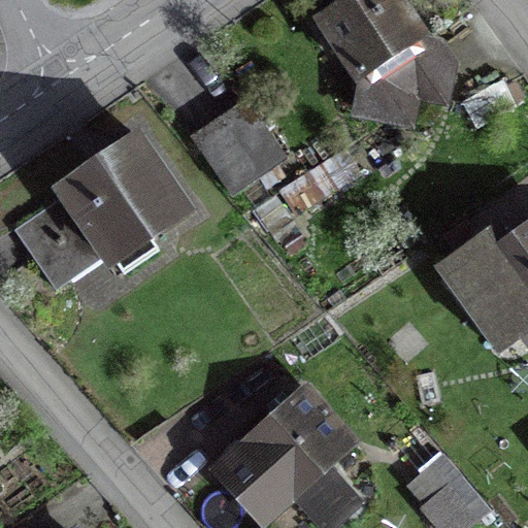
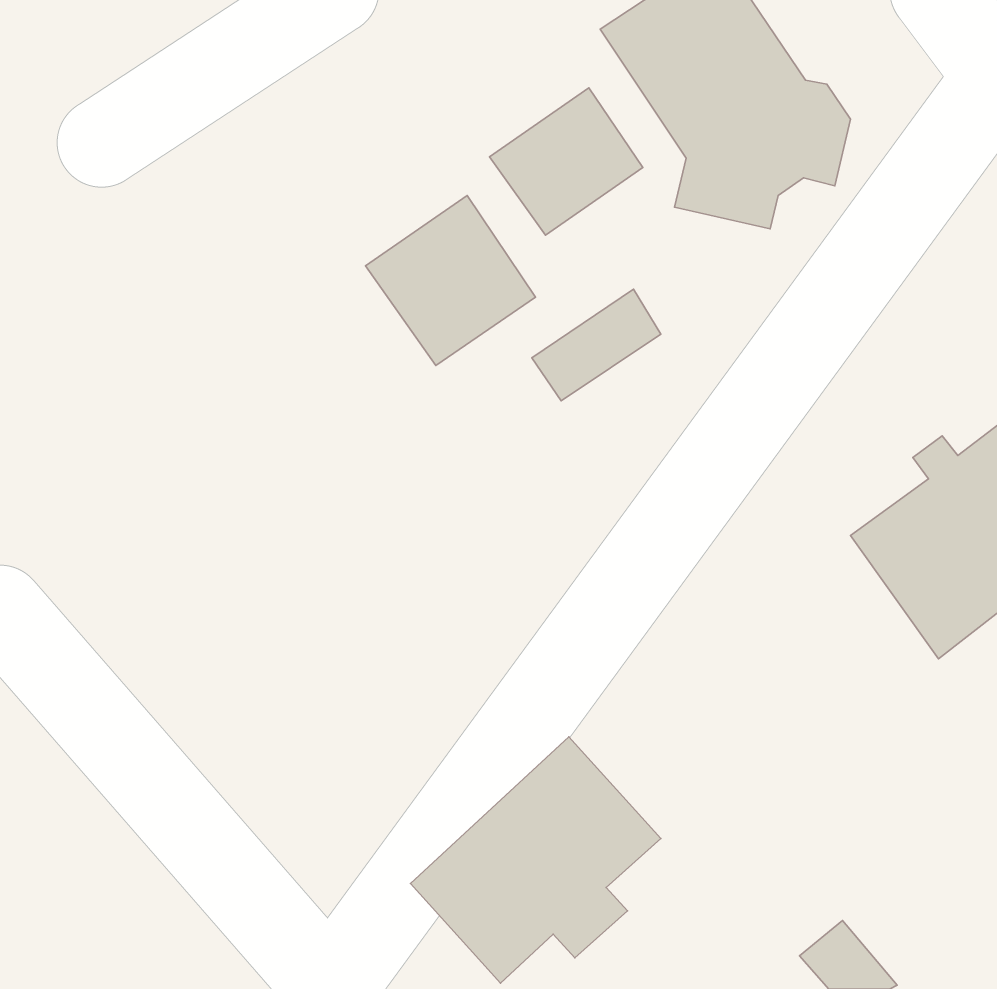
building: none -> [489,88,643,235]
building: [13,134,188,290] -> none

